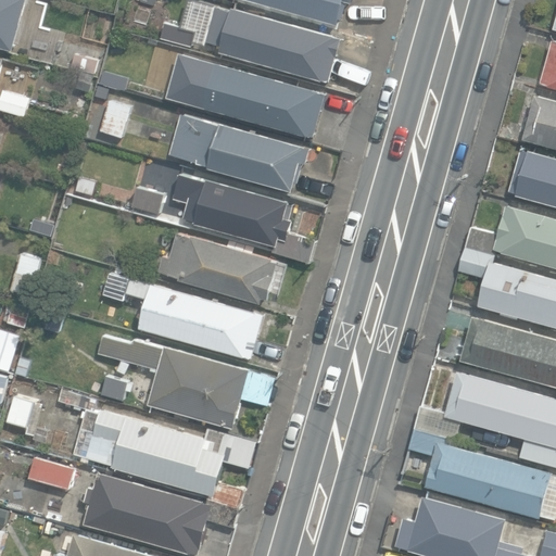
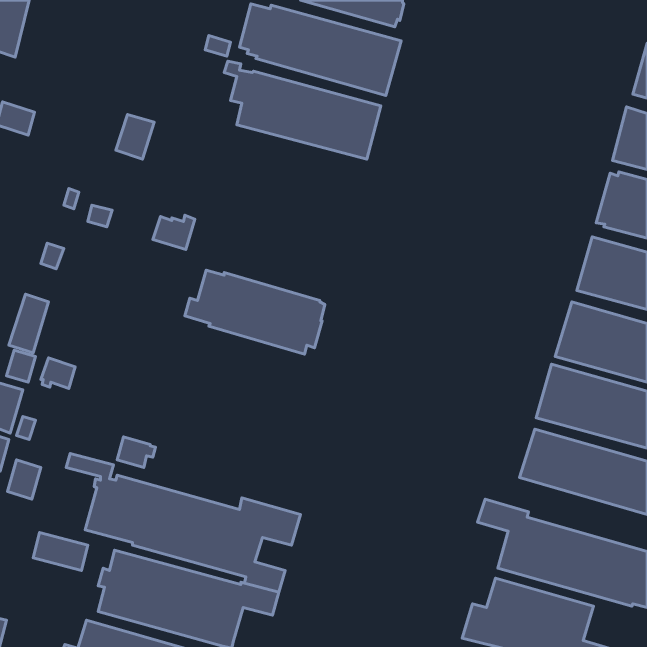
building: [168,115,309,192] -> none
building: [172,175,315,264] -> none
building: [102,273,264,361] -> none
building: [97,336,276,430] -> none

